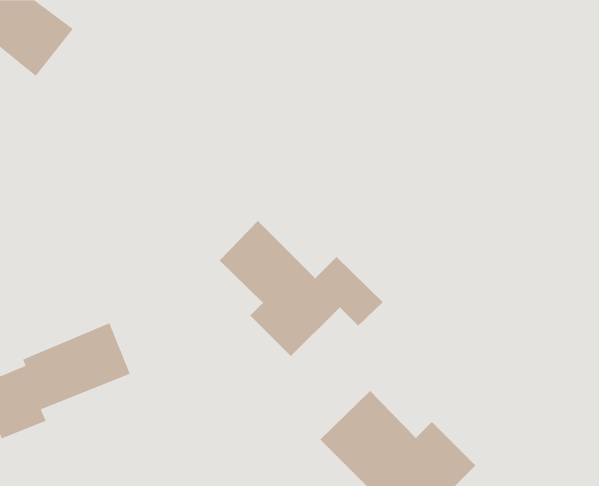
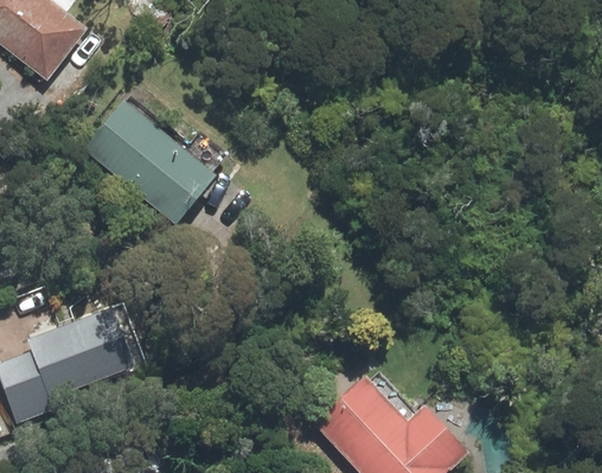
building: none -> [89,102,213,219]
building: [219,220,384,357] -> none

